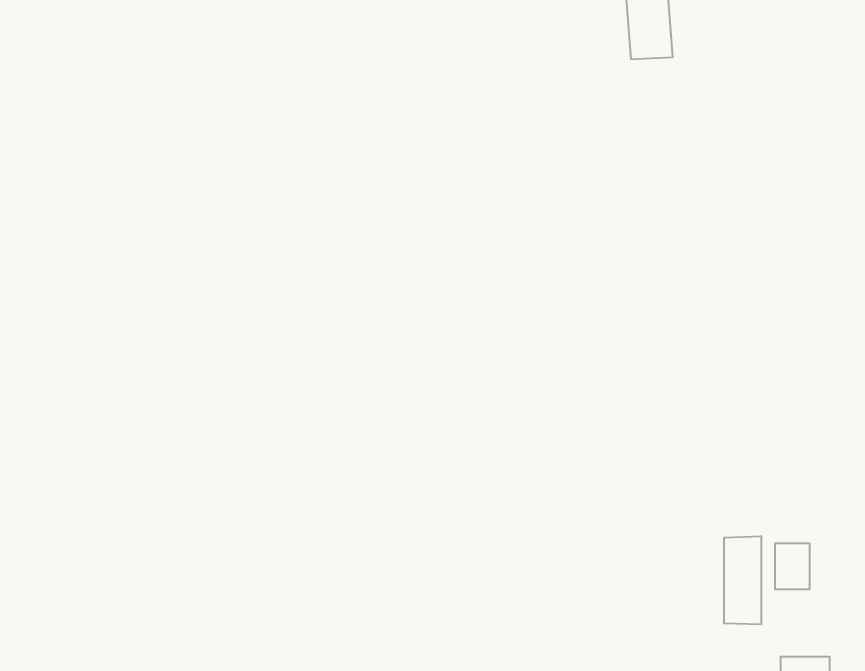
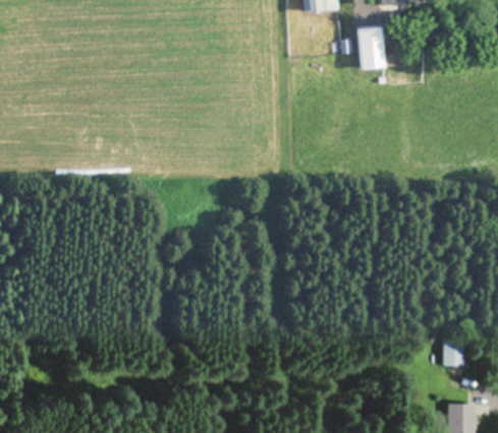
building: [724,536,761,624] -> none

